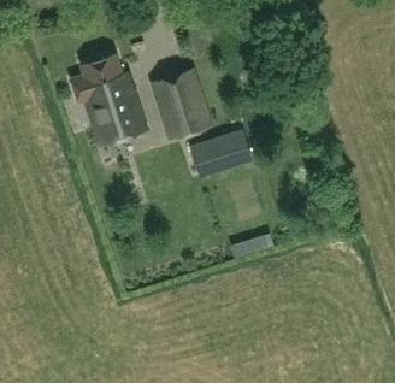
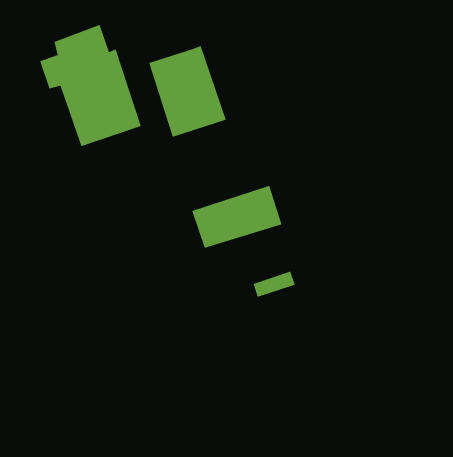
building: [184,130,253,178] -> [191,185,283,249]

